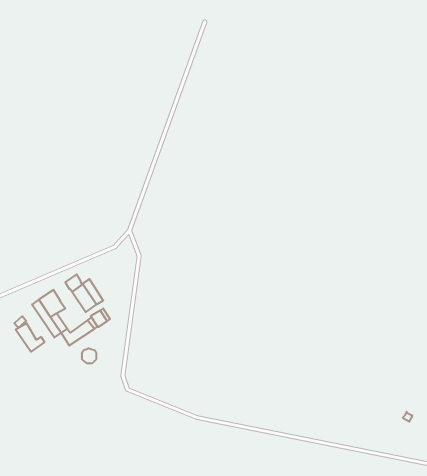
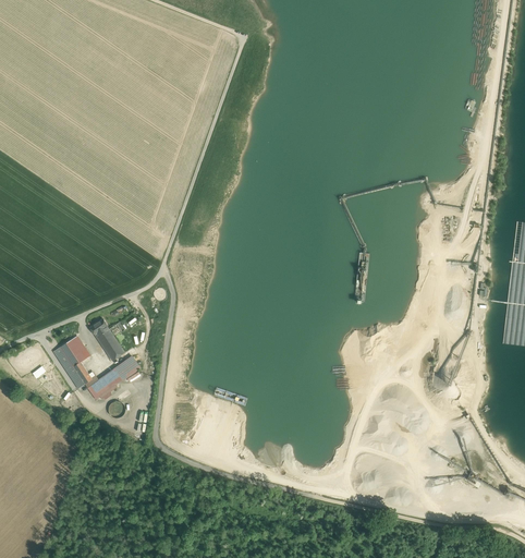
building: [16,323,44,352] -> none

